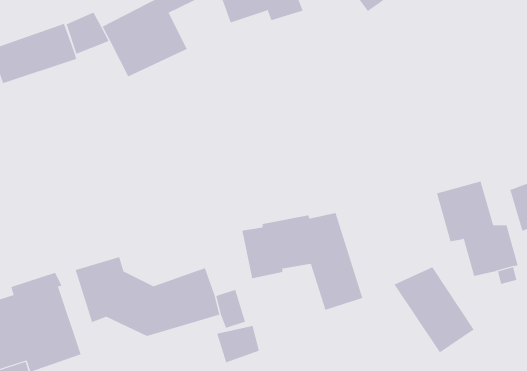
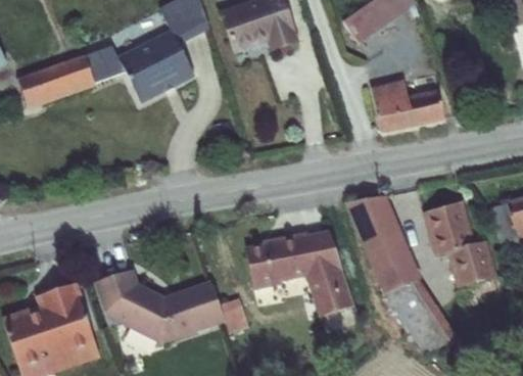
building: none -> [370,81,445,135]
building: none -> [342,193,420,292]
building: [217,325,260,363] -> none

